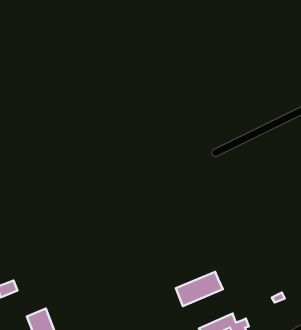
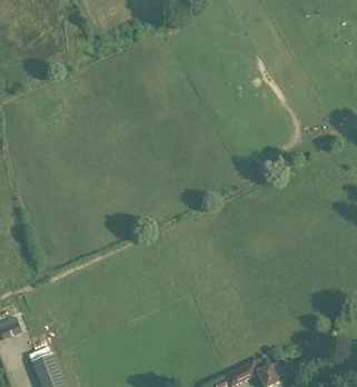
building: [176,272,223,306] -> none

